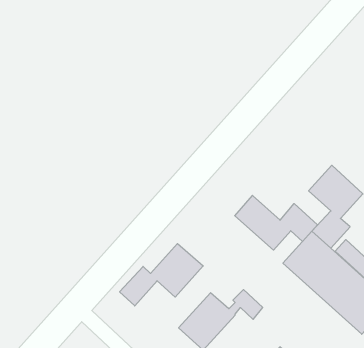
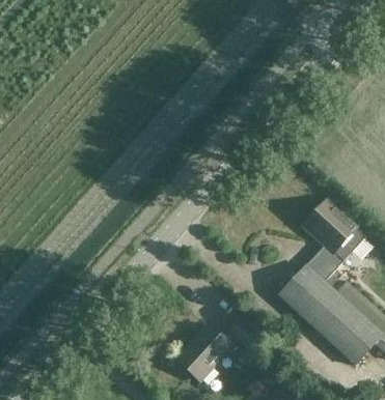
building: [235,195,317,250] -> none
building: [120,244,203,306] -> none

